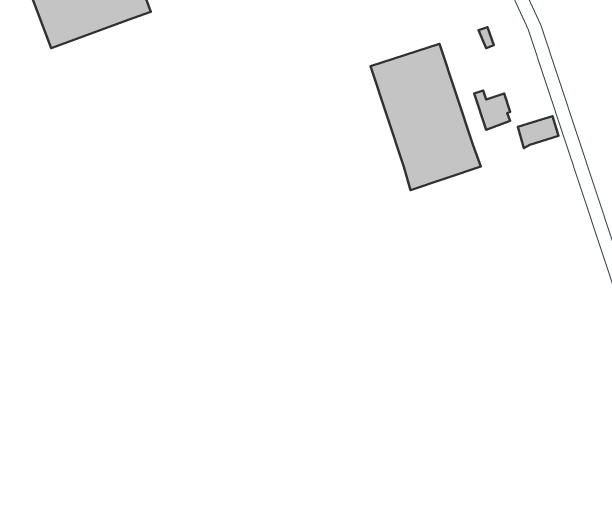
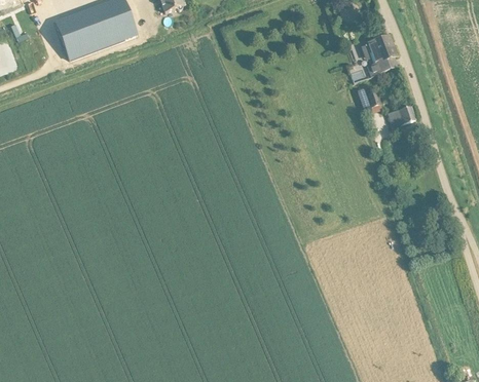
building: none -> [367,34,397,75]
building: [371,44,481,190] -> none

